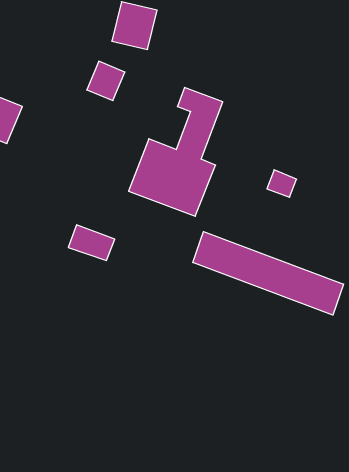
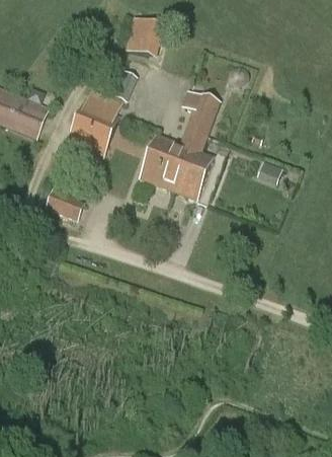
building: none -> [67,99,120,157]
building: [68,225,115,261] -> [45,189,84,220]
building: [193,232,344,315] -> none

